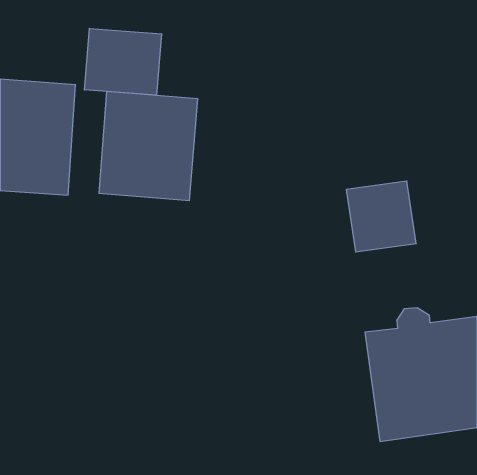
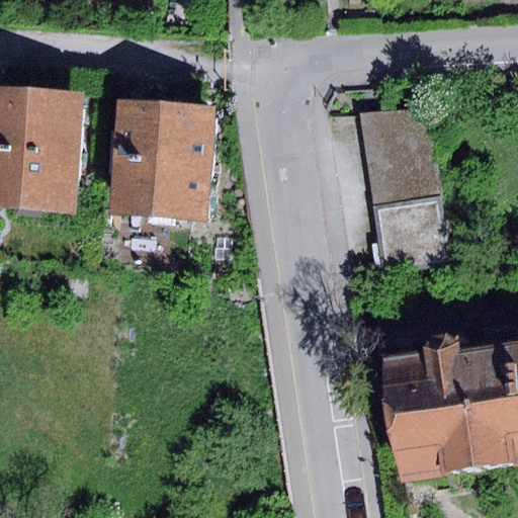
building: [84,28,162,95] -> none
building: none -> [362,106,441,205]

